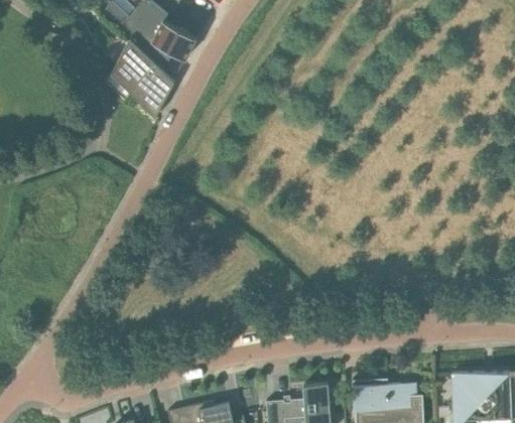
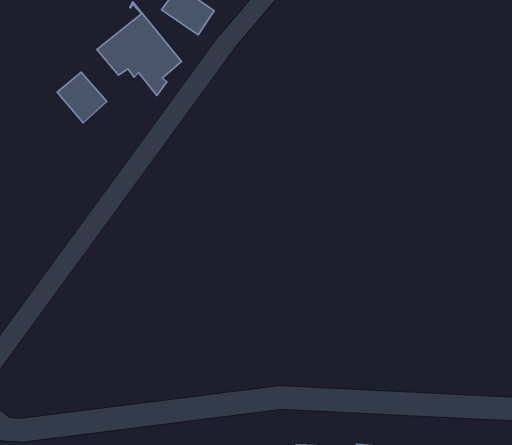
building: none -> [57,72,107,123]

